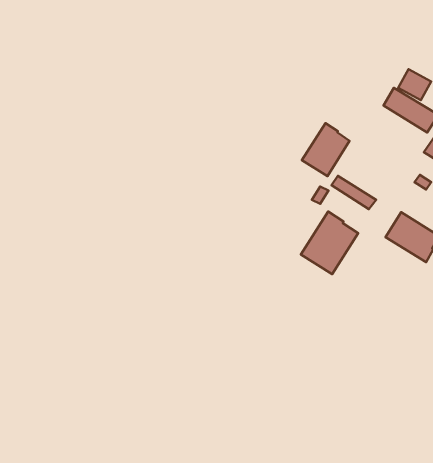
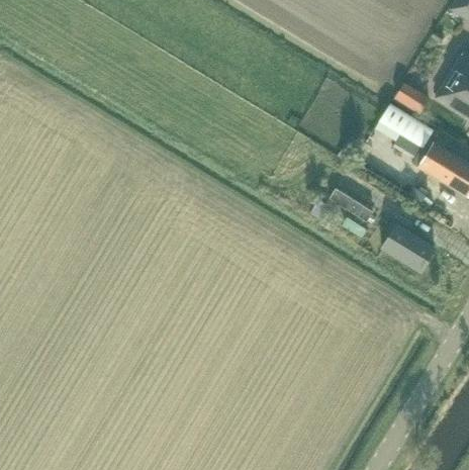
building: [302,123,350,176] -> none
building: [301,211,358,274] -> none

